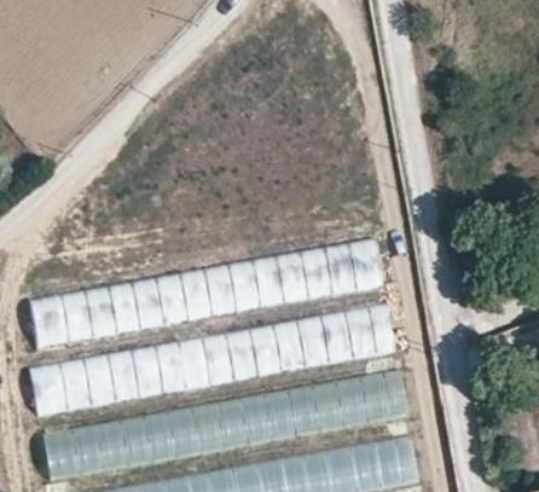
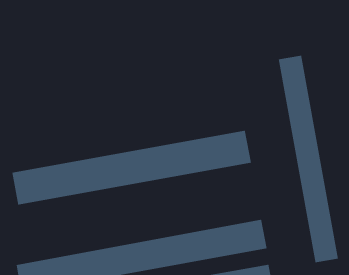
building: none -> [278,55,339,263]
building: [28,305,396,412] -> none

